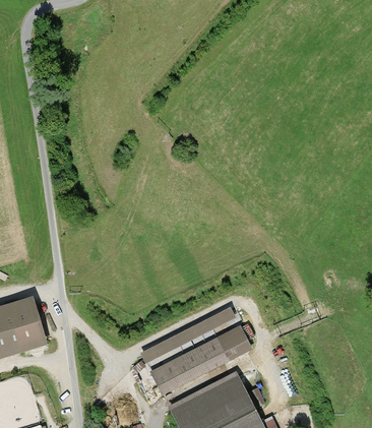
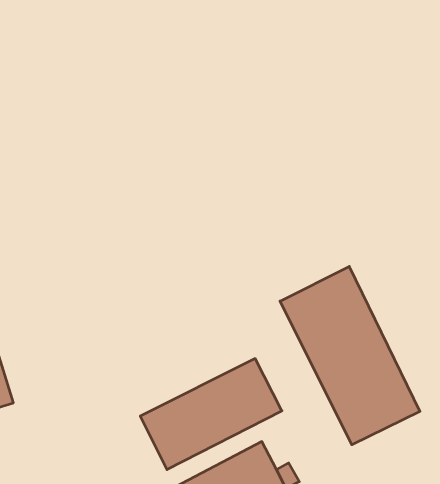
building: none -> [280,266,420,445]

